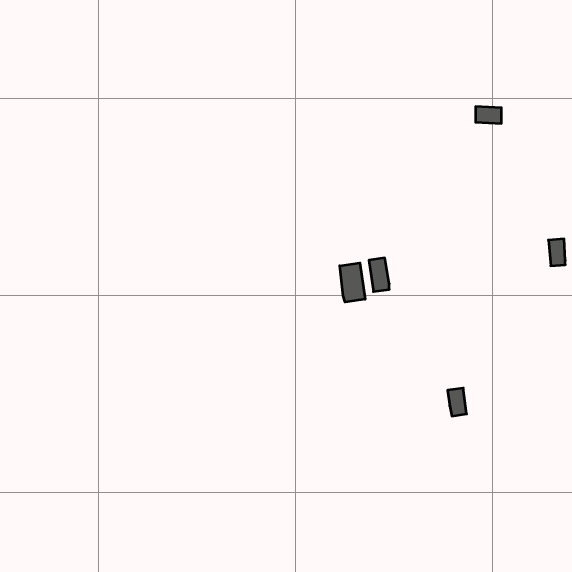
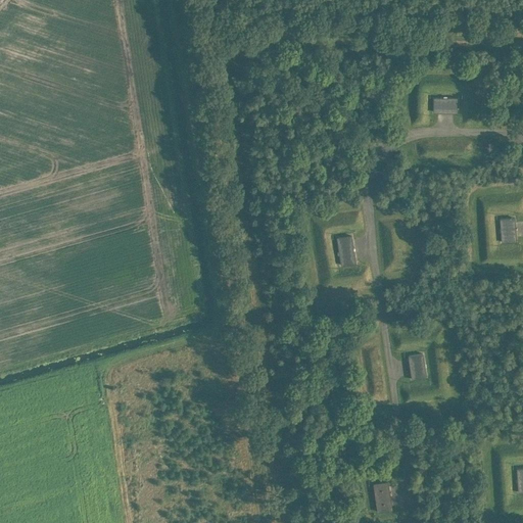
building: [340,263,365,302] -> none
building: none -> [373,482,391,512]

